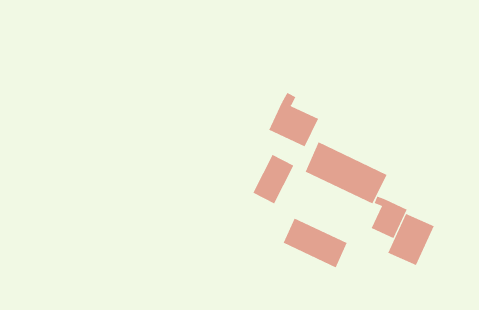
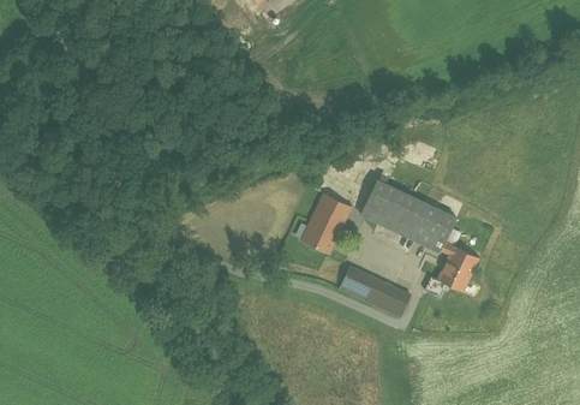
building: [269,92,319,147] -> none
building: [387,213,435,266] -> none

